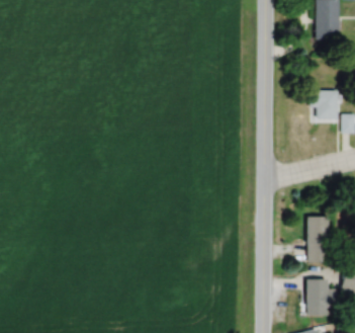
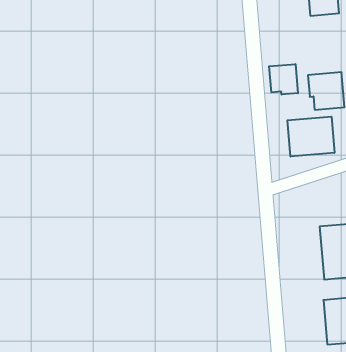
building: none -> [269,64,298,95]
building: none -> [287,117,334,157]

